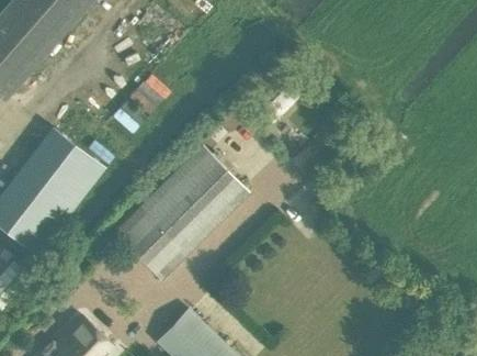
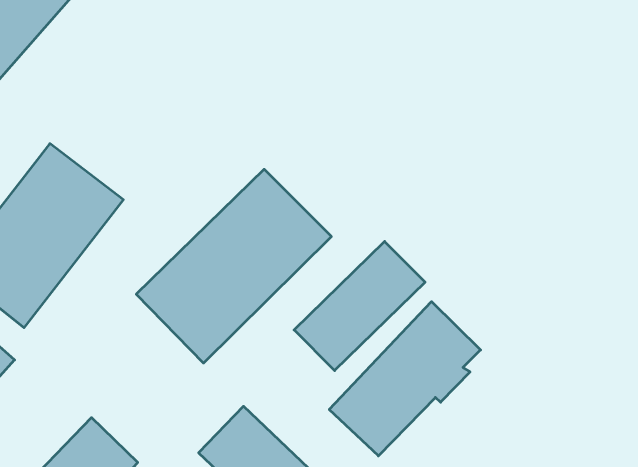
building: none -> [294,241,425,371]
building: none -> [329,302,481,456]

